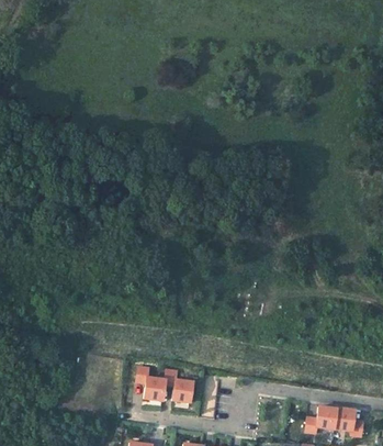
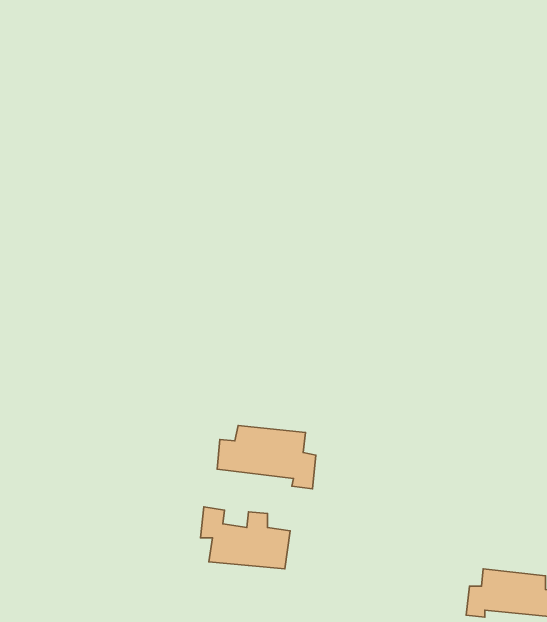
building: none -> [217,425,316,489]

